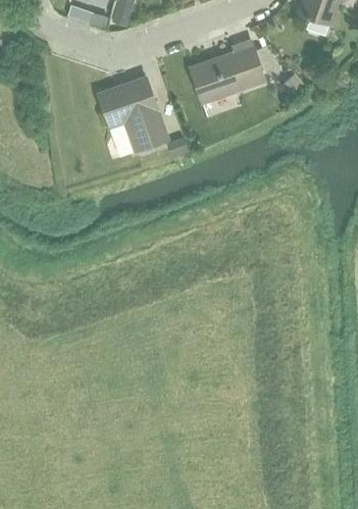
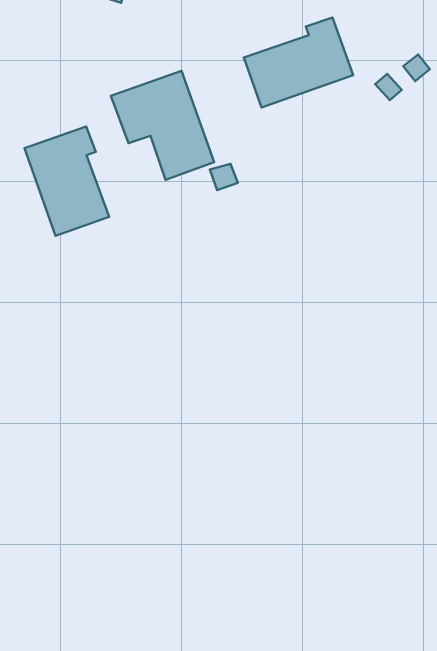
building: none -> [24,127,109,236]

